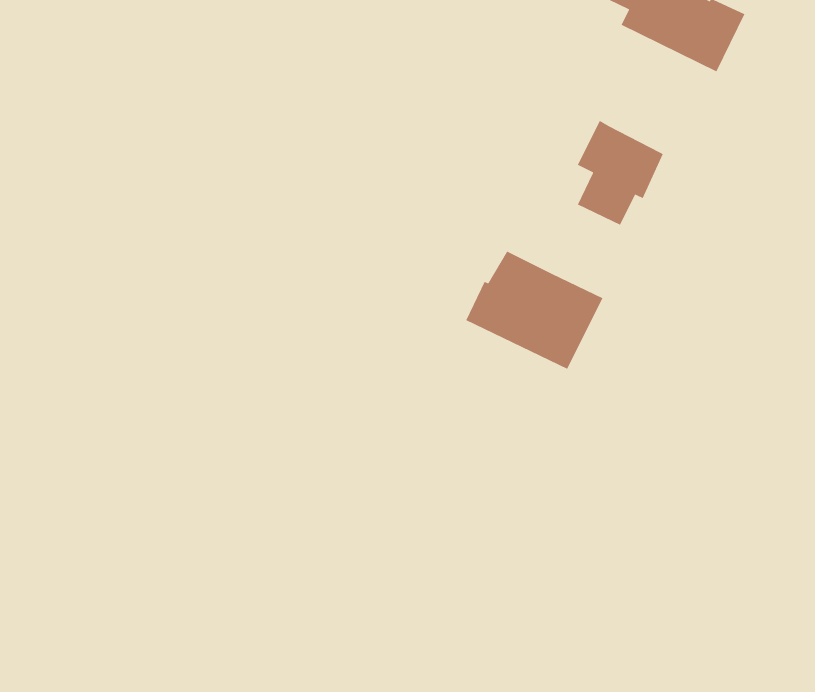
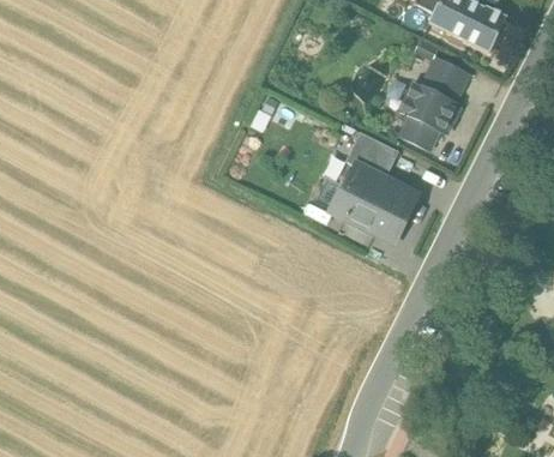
building: none -> [420,56,466,102]
building: none -> [344,131,398,179]

